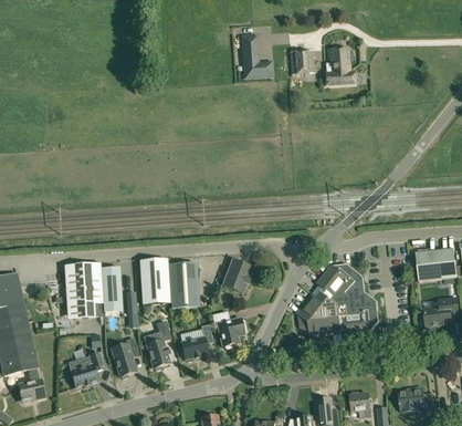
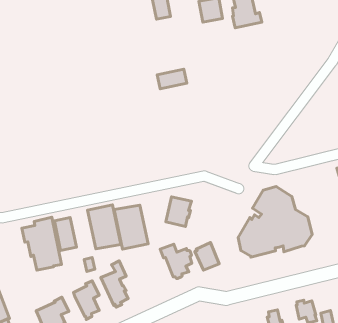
building: [242,62,273,80] -> [157,69,187,89]
building: none -> [195,243,219,270]
building: [181,324,212,362] -> none

